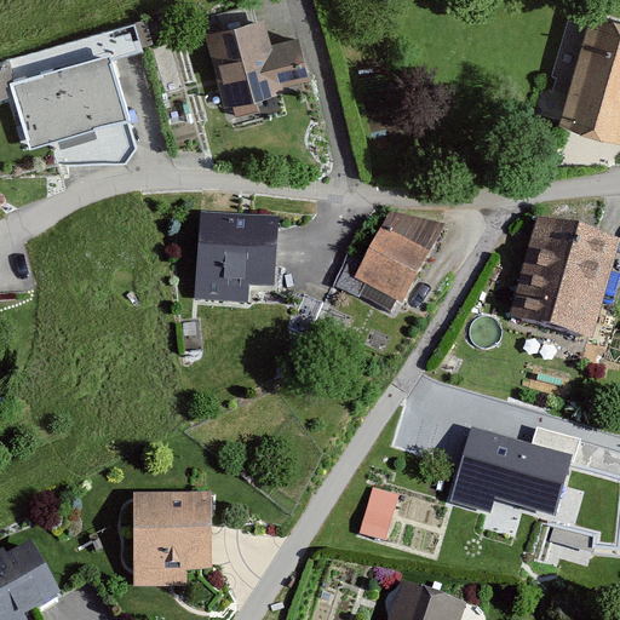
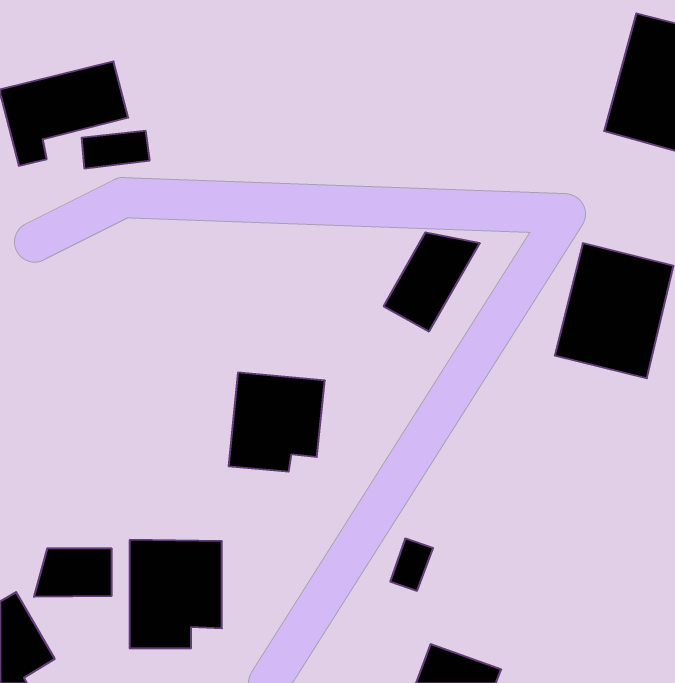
building: [205,16,314,99] -> none
building: [190,213,277,303] -> [229,373,325,472]
building: [449,427,578,519] -> none
building: none -> [34,548,111,597]

